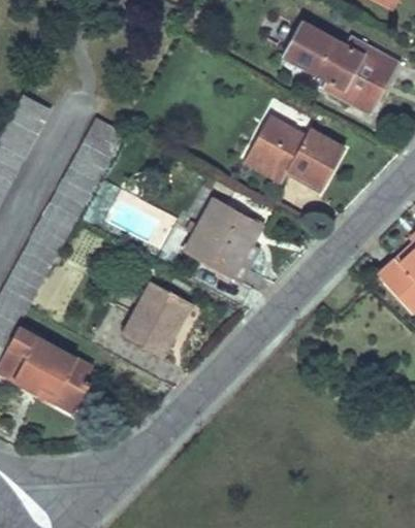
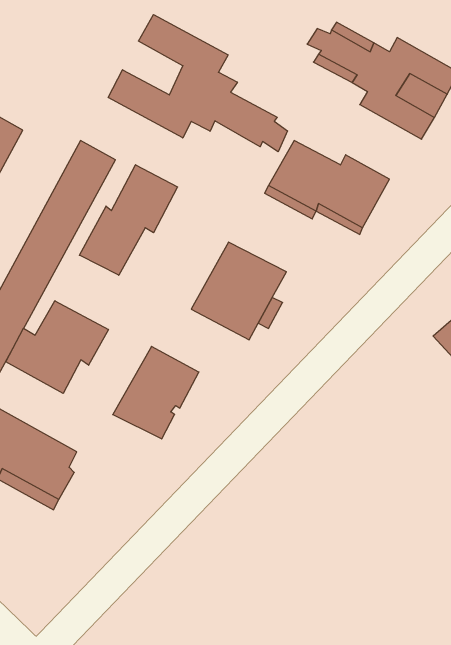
building: none -> [108,15,288,152]
building: none -> [79,165,178,275]
building: none -> [6,301,108,393]

